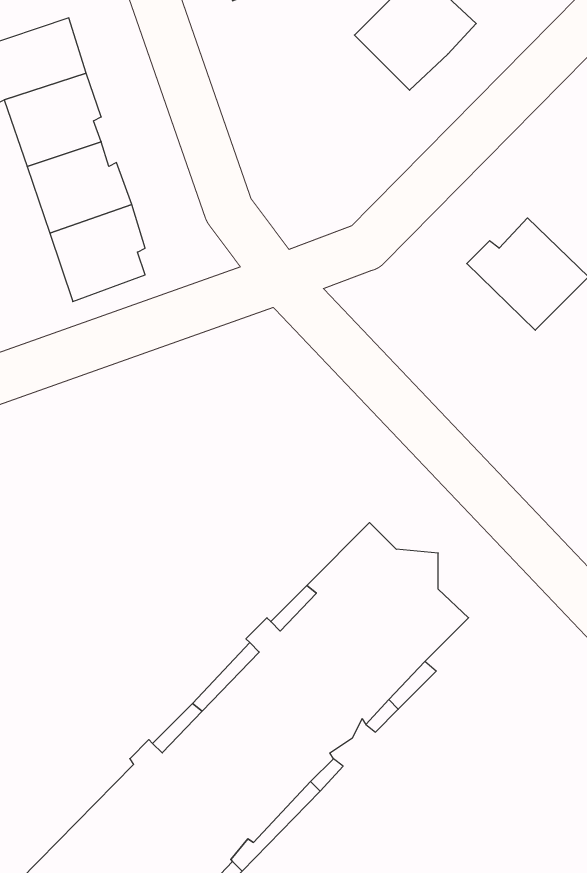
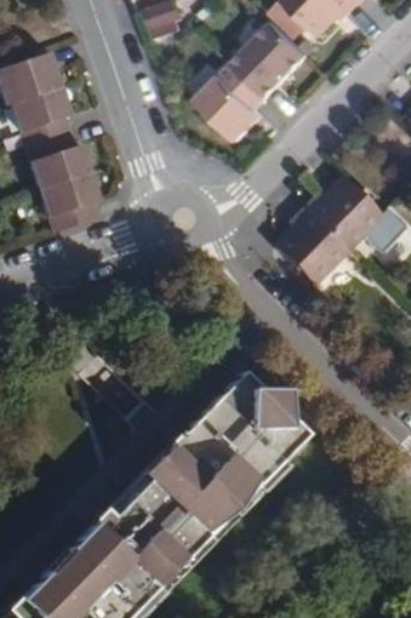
building: none -> [195,63,268,142]
building: none -> [276,208,348,287]

